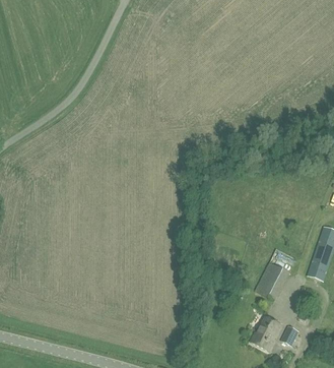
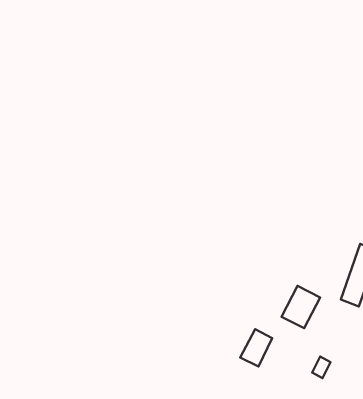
building: [252,315,280,349] -> [240,329,272,367]

